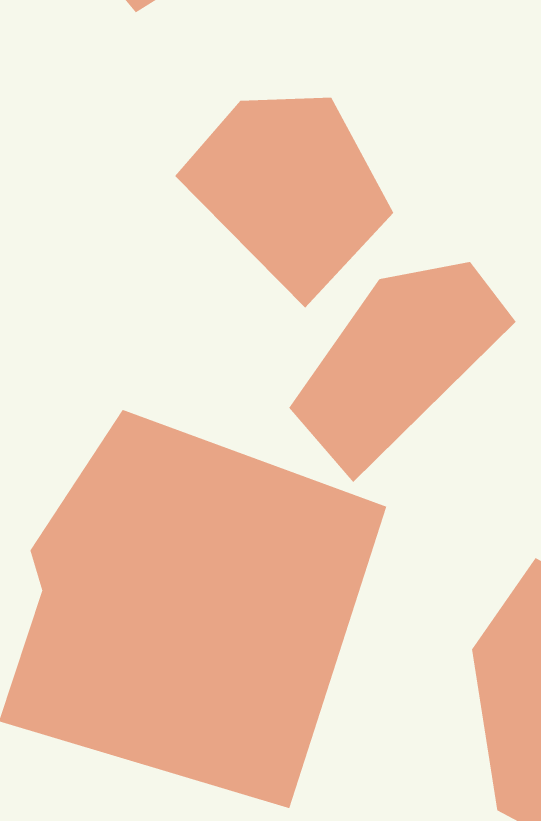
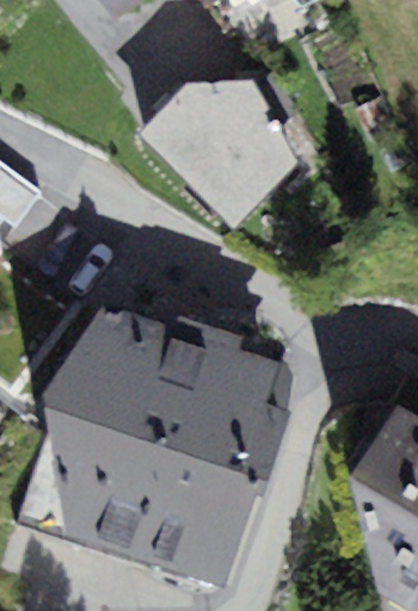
building: [289,261,517,483] -> none

